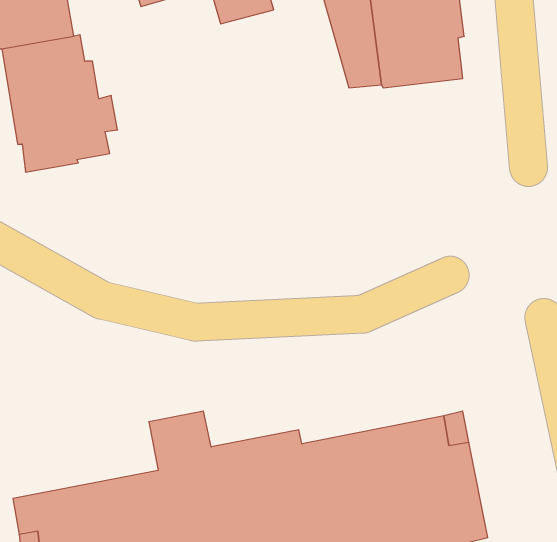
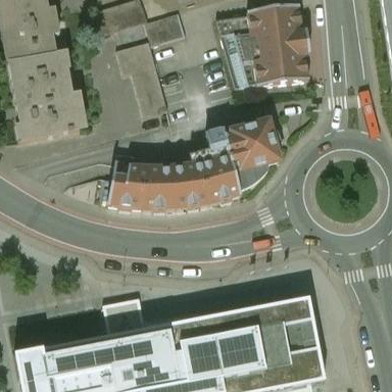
building: none -> [115,42,166,117]
building: none -> [106,118,280,210]

